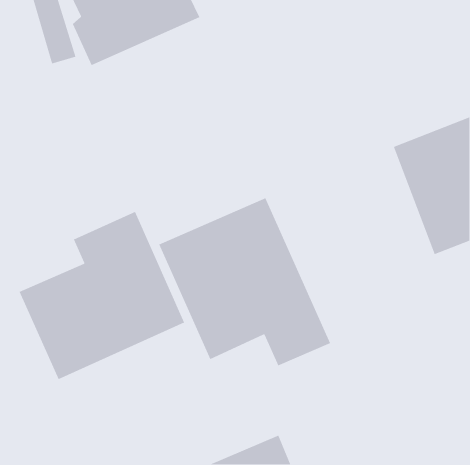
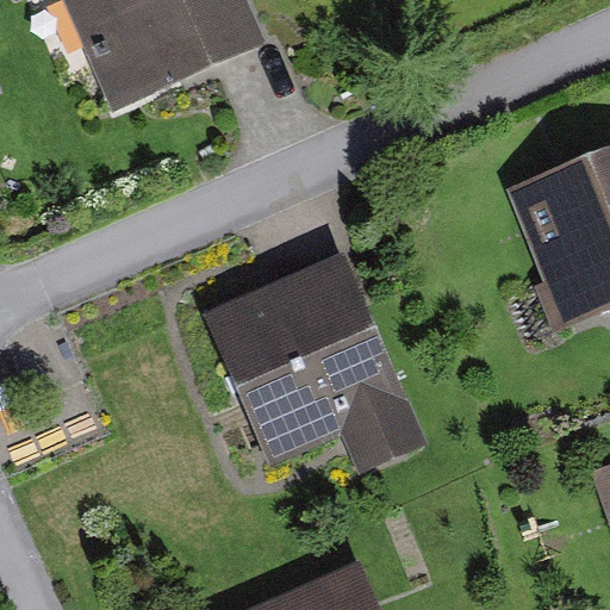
building: [19,211,185,380] -> none

